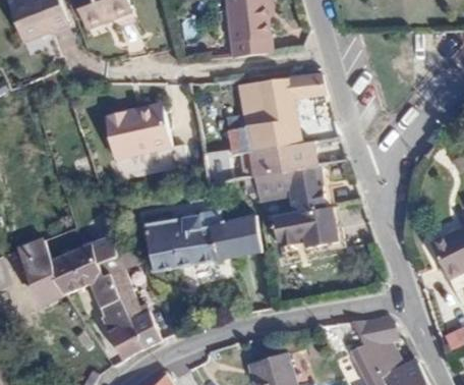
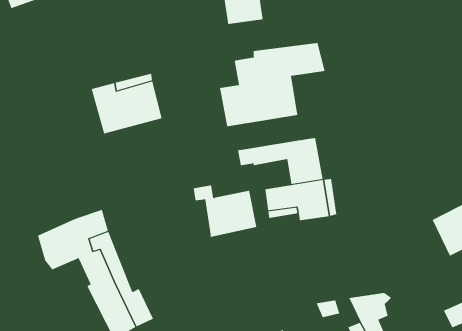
building: [250,145,305,176] -> none
building: [144,215,216,272] -> none
building: [17,238,65,306] -> none

